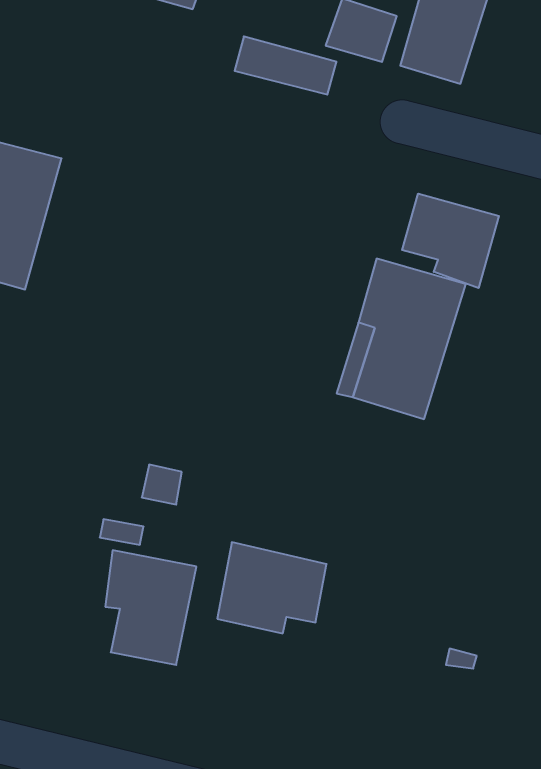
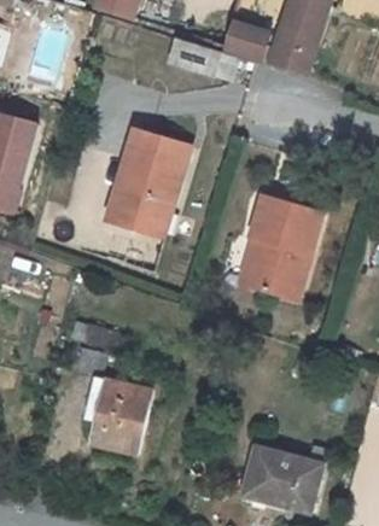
building: none -> [104,127,183,232]
building: [402,194,499,288] -> none
building: [217,542,327,633] -> [244,449,316,509]

